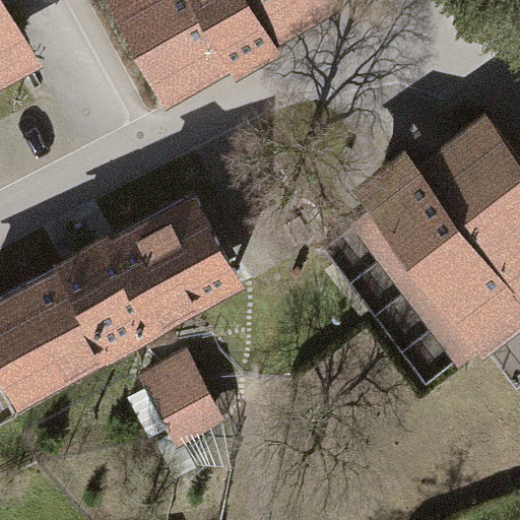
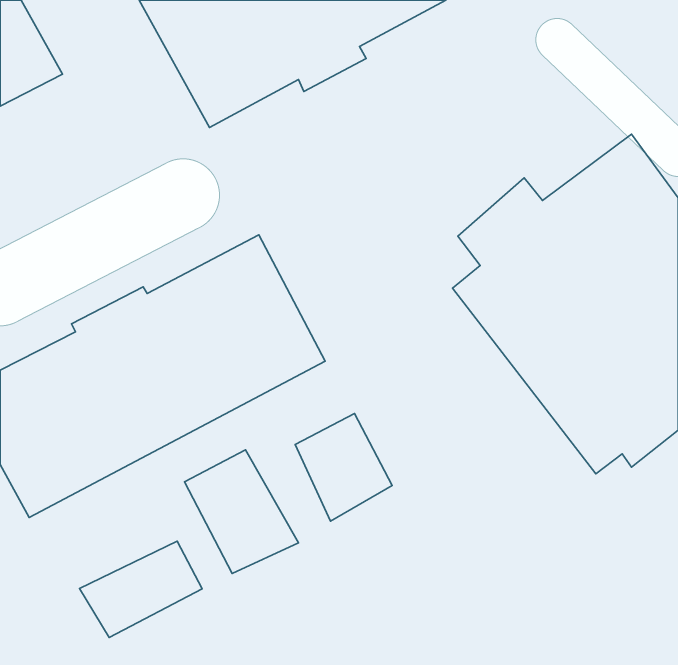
building: none -> [295,413,392,521]
building: none -> [80,541,202,637]

